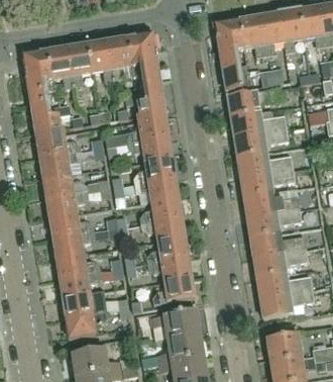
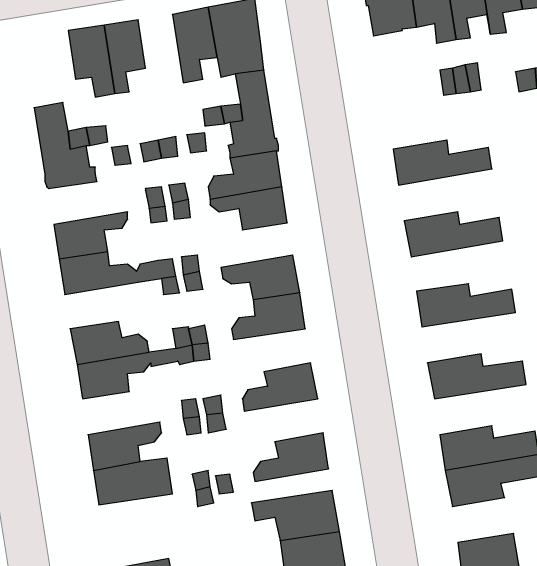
building: [88,41,113,81] -> none
building: [22,50,54,94] -> none
building: [220,51,251,92] -> none
building: [228,88,282,117] -> none
building: [234,128,289,158] -> none
building: [37,135,82,160] -> none
building: [133,159,175,184] -> none
building: [241,169,295,197] -> none
building: [46,192,89,218] -> none
building: [247,209,302,237] -> none
building: [141,218,185,243] -> none
building: [254,250,308,278] -> none
building: [57,254,100,278] -> none
building: [147,258,192,282] -> none
building: [66,311,108,338] -> none

